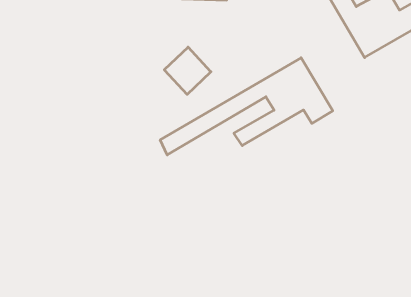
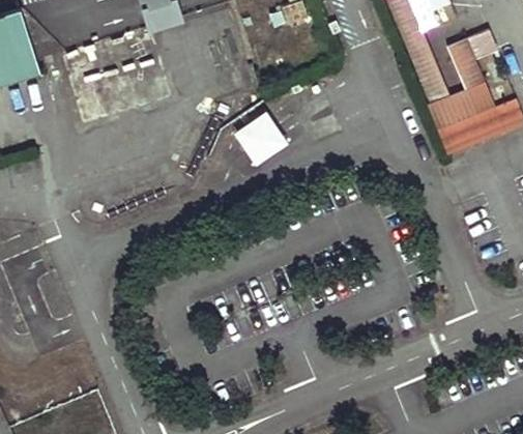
building: [160,58,333,155] -> none

